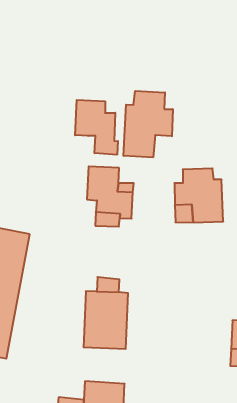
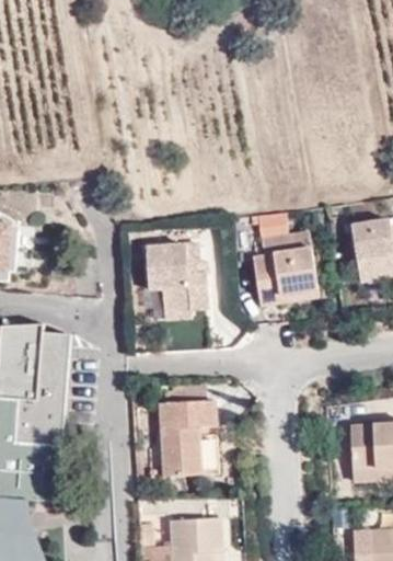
building: [124,91,173,157] -> none
building: [75,100,118,155] -> none

